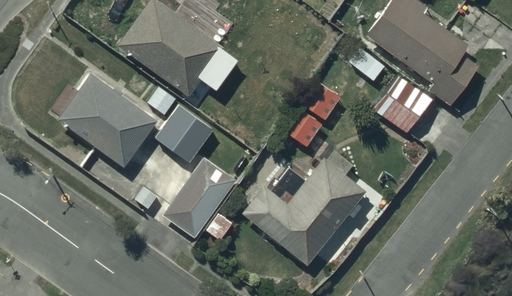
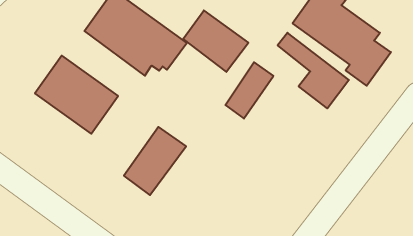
building: none -> [183,10,248,72]
building: [155,105,214,163] -> none
building: [242,151,367,265] -> none

